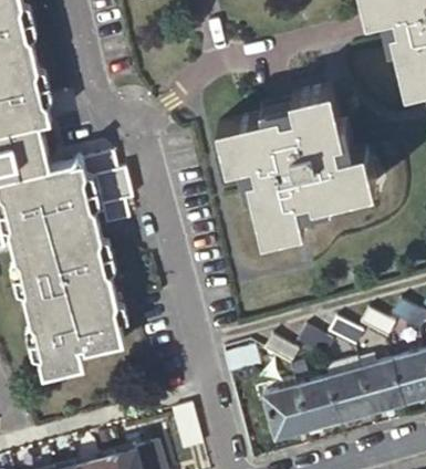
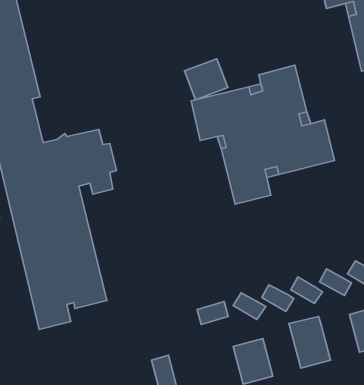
building: none -> [185,59,228,100]
building: [359,363,402,414] -> none
building: [294,381,336,431] -> none

